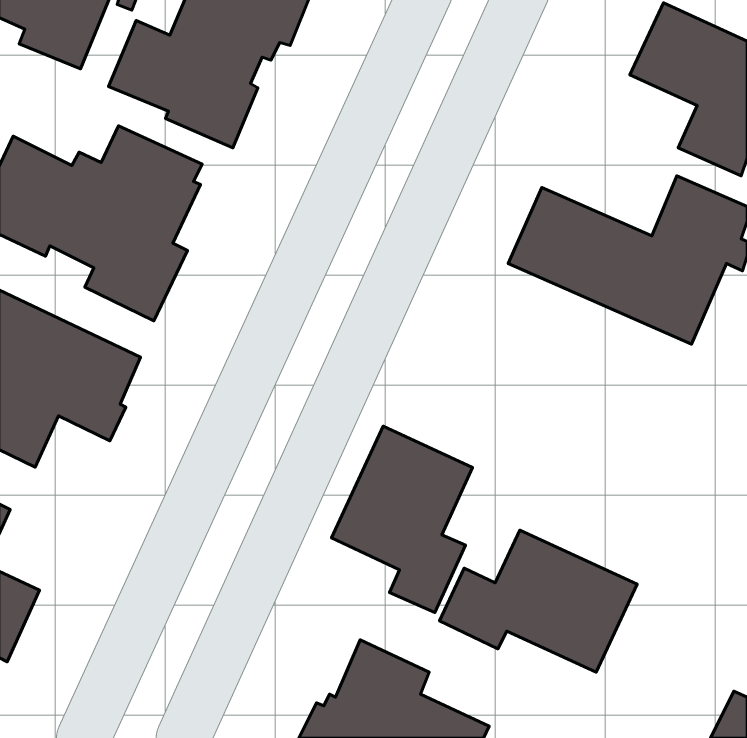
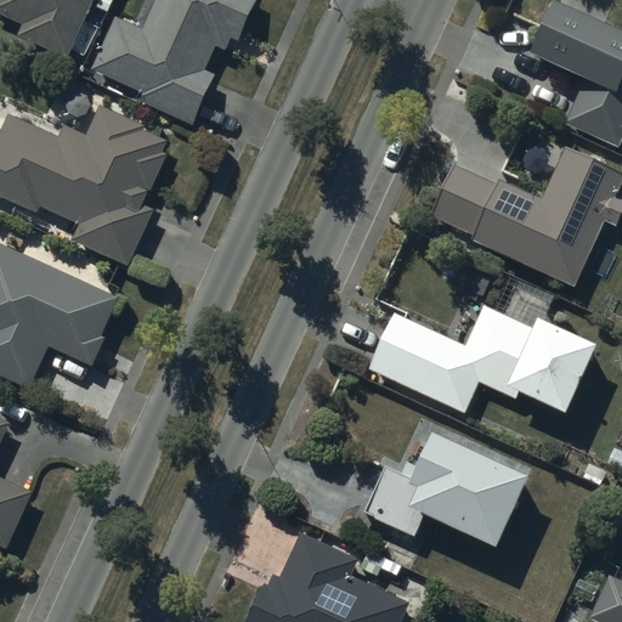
building: none -> [368,301,595,420]
building: [332,426,472,613] -> none

